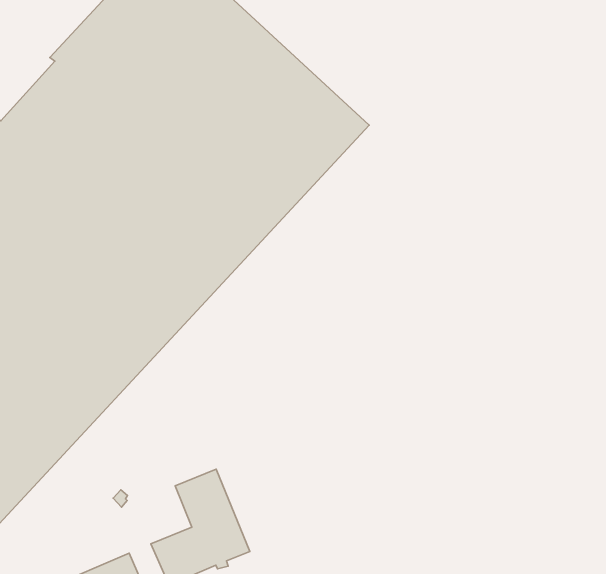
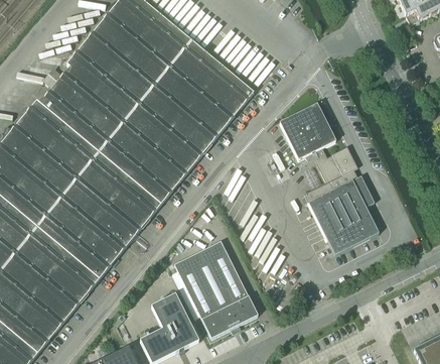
building: none -> [279,102,379,253]
building: none -> [174,240,257,337]

